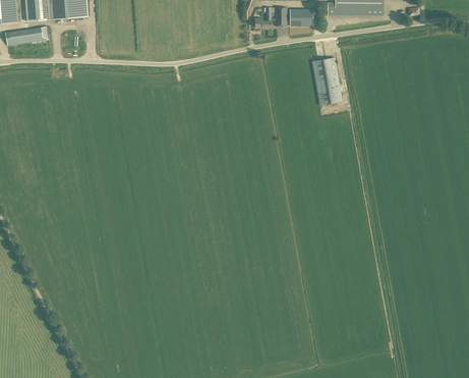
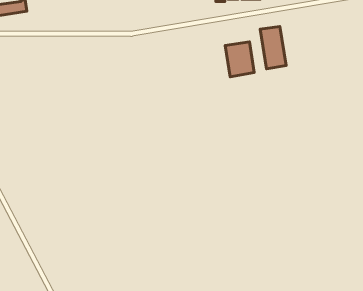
building: none -> [225,42,254,77]

